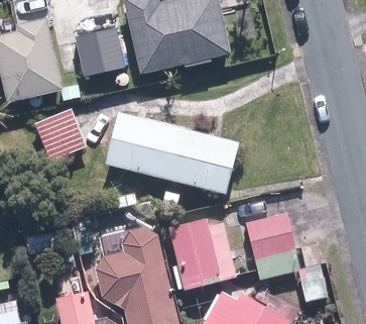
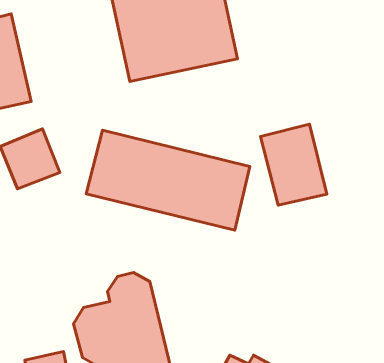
building: [75,29,122,76] -> none
building: [245,213,298,279] -> [261,124,327,205]
building: [168,220,235,290] -> none

